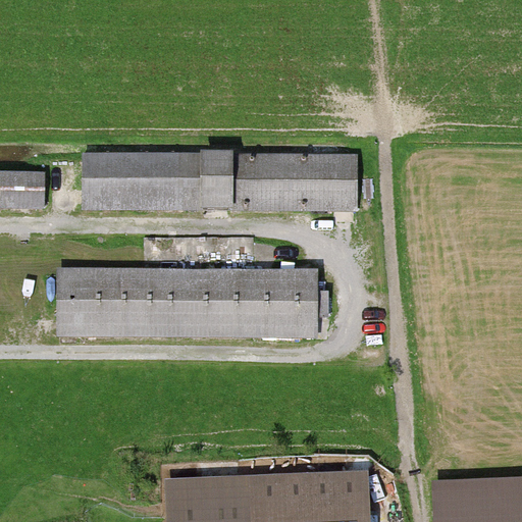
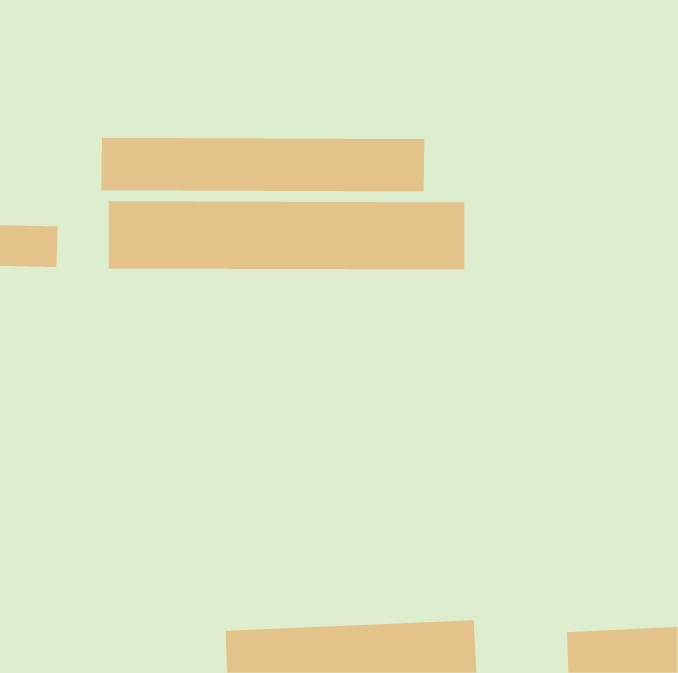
building: none -> [101,137,425,192]
building: [60,270,326,333] -> none

